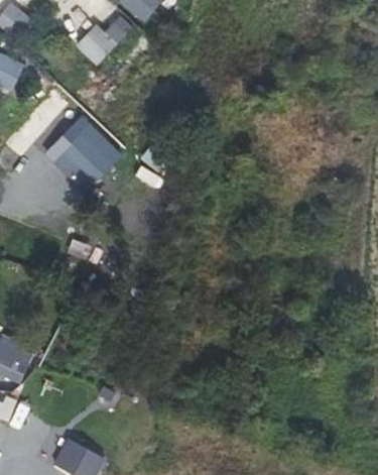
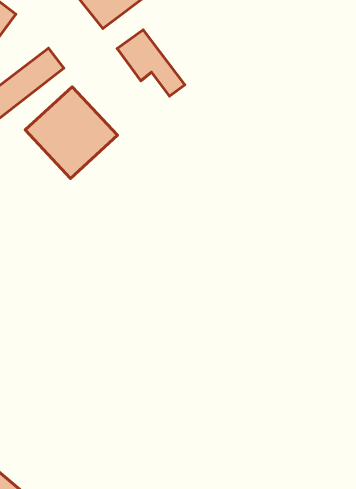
building: none -> [117,30,185,96]

